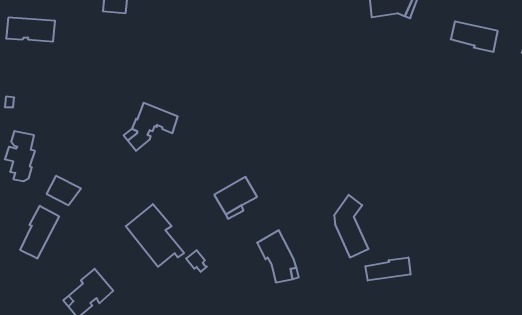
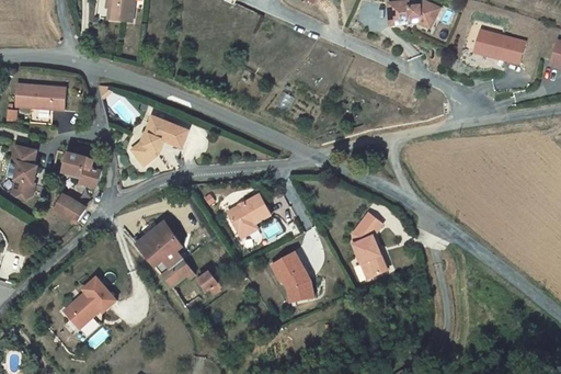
building: [6,18,55,42] -> [14,83,66,109]
building: none -> [58,150,101,189]
building: [20,206,59,259] -> none
building: [365,257,410,281] -> none

